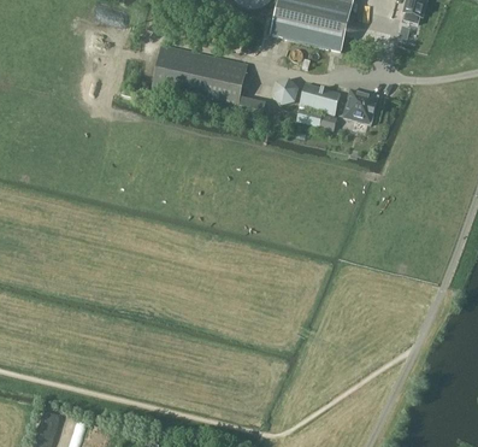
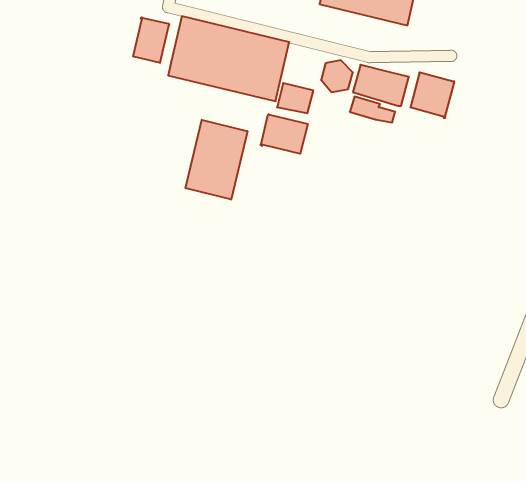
building: none -> [133,17,169,63]
building: none -> [260,114,308,154]
building: none -> [186,120,247,200]

